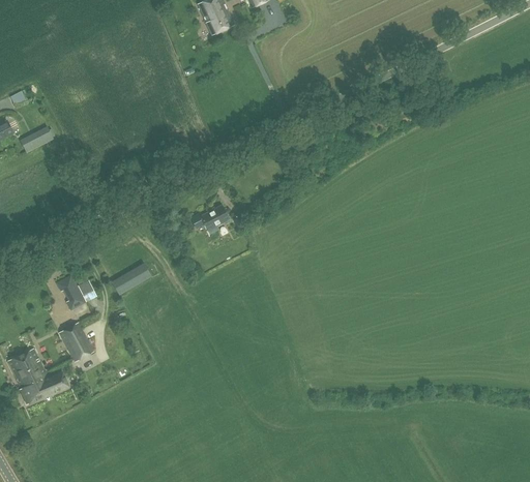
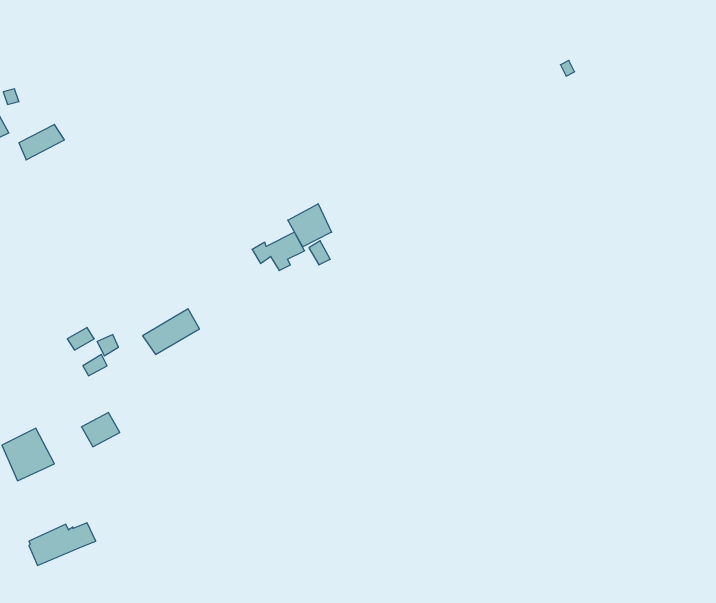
building: none -> [288,204,332,247]
building: [58,321,86,347] -> none
building: [20,372,68,403] -> [29,523,96,565]

